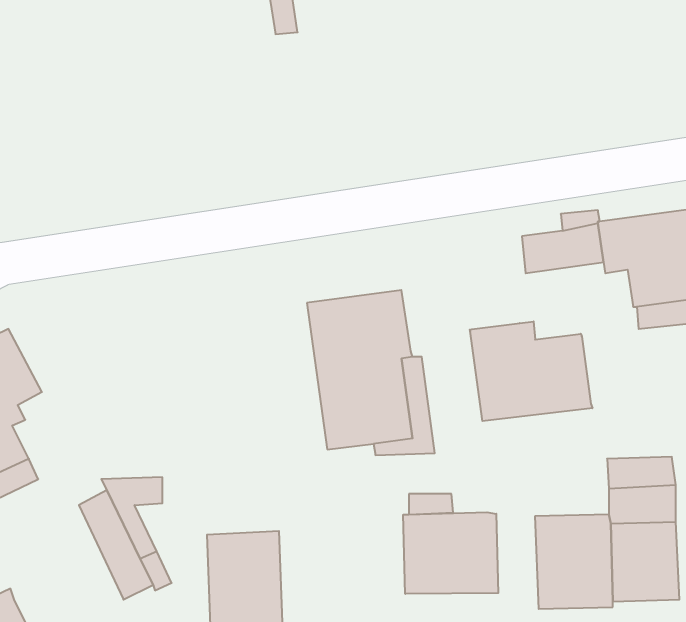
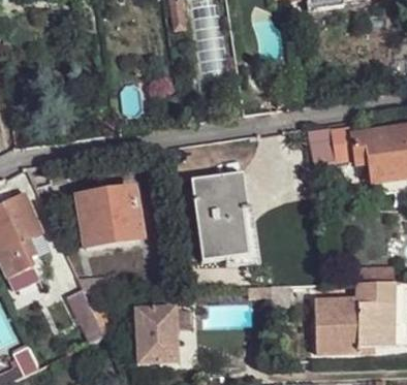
building: none -> [76,187,140,246]
building: [470,321,592,421] -> none
building: [403,512,498,594] -> none

